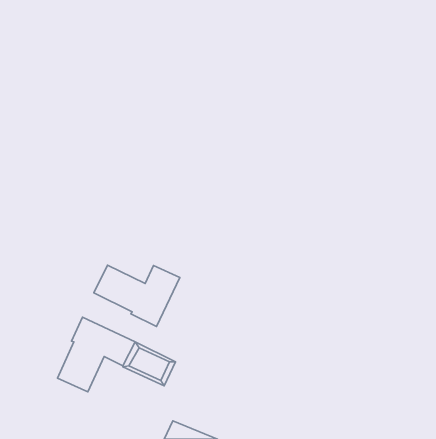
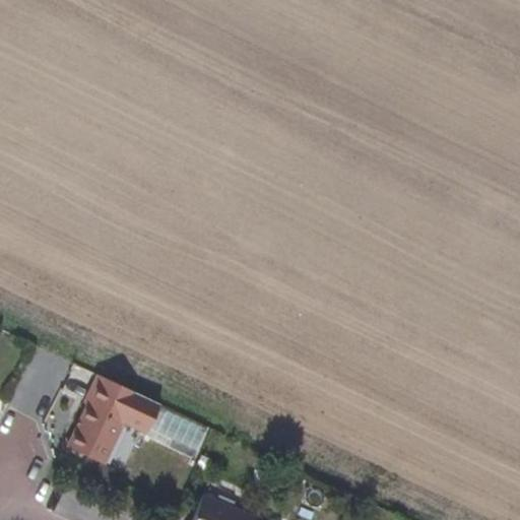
building: [94,265,180,326] -> none

